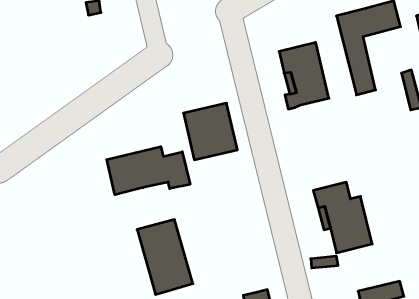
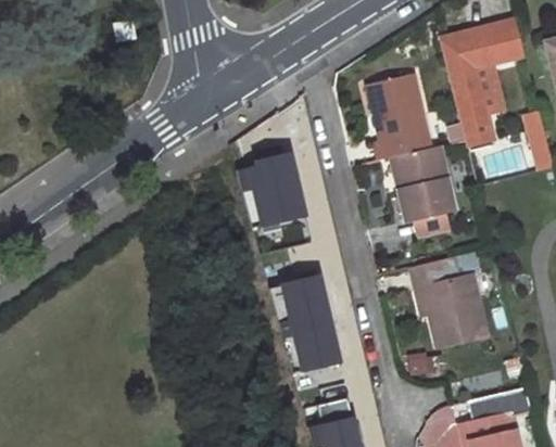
building: none -> [394,146,452,238]
building: [107,147,190,195] -> none
building: [137,220,193,294] -> [274,274,346,372]

